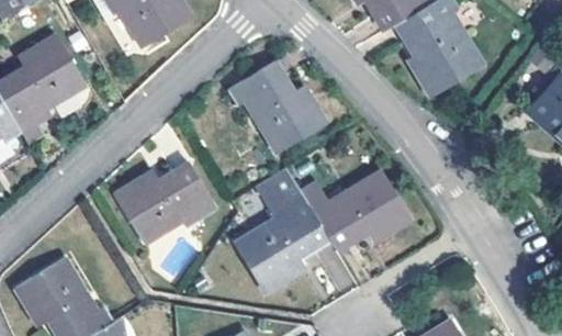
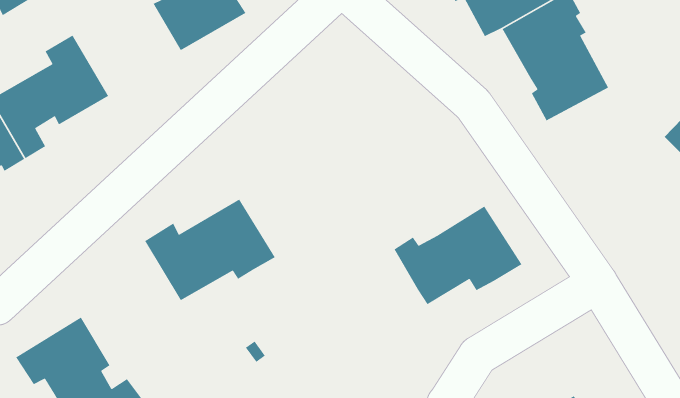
building: [227,61,326,153] -> none
building: [238,166,328,288] -> none

